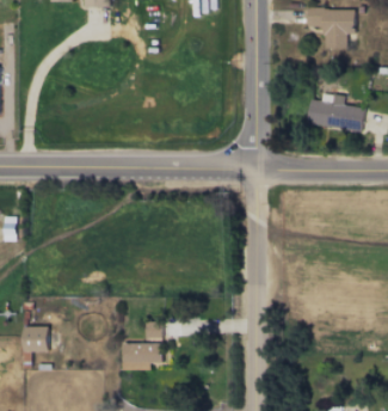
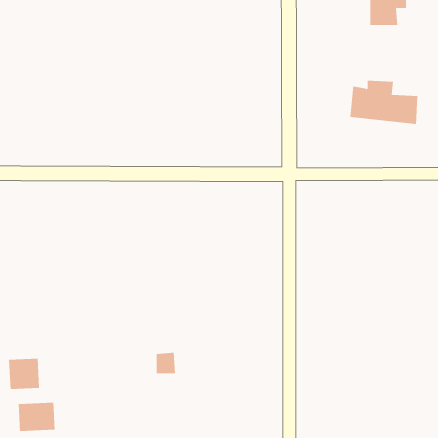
building: [122,343,161,370] -> none
building: none -> [18,402,55,432]

